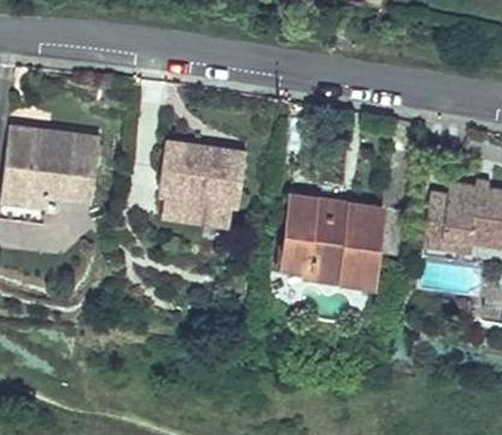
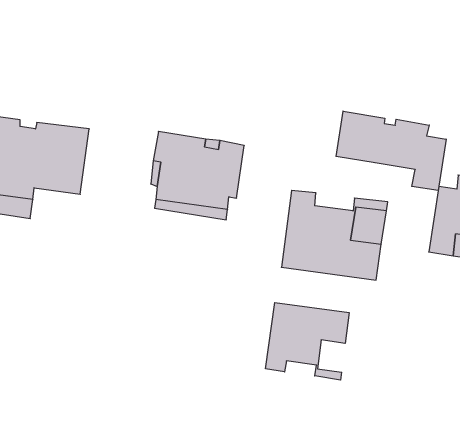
building: none -> [336,111,446,190]
building: none -> [266,303,349,380]

